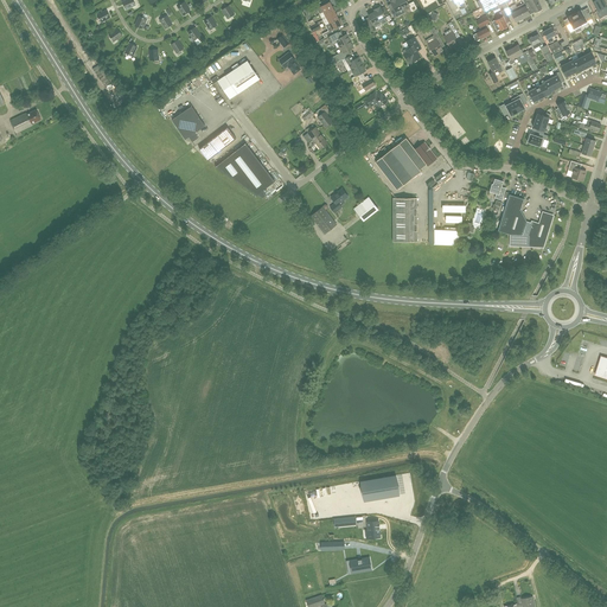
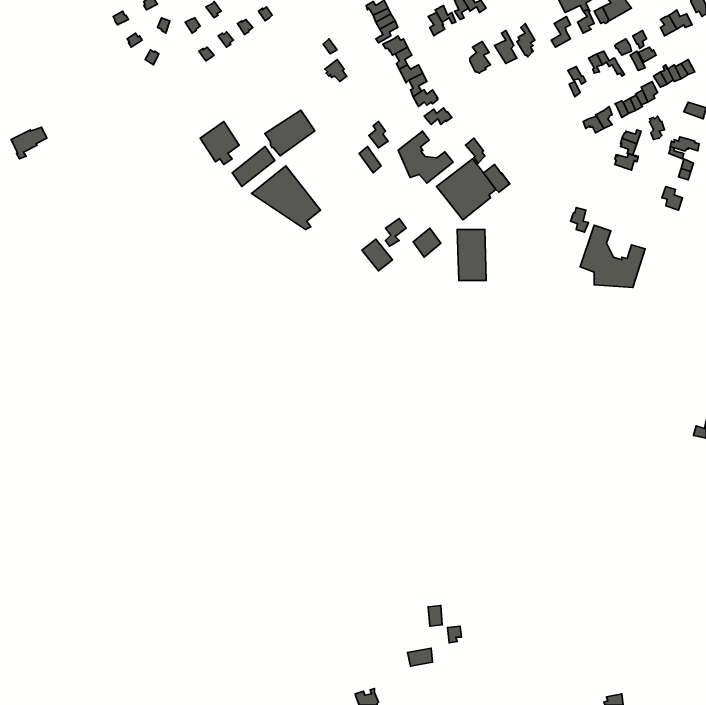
building: [217,59,260,98] -> [265,110,315,156]
building: none -> [398,131,453,183]
building: [360,474,400,499] -> none

